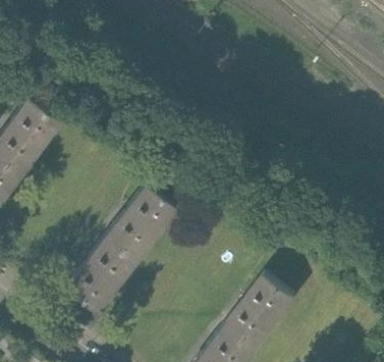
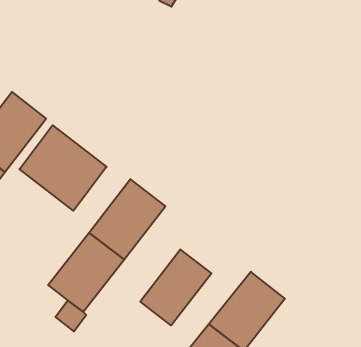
building: none -> [19,125,107,211]
building: none -> [140,249,211,325]

